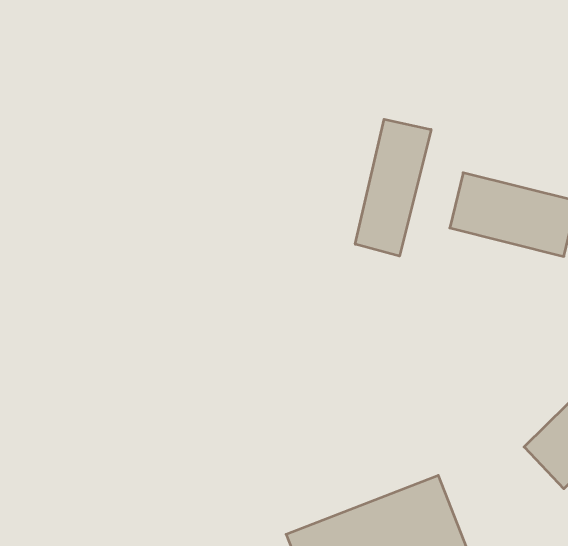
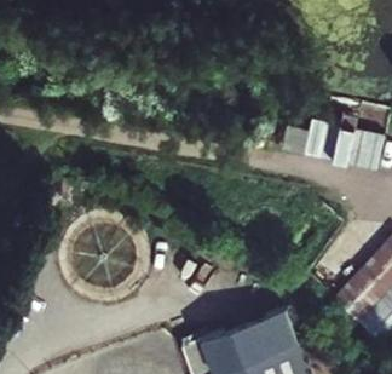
building: [355,119,431,256] -> none

